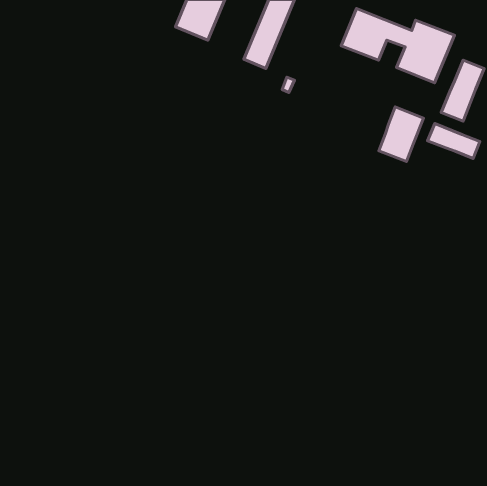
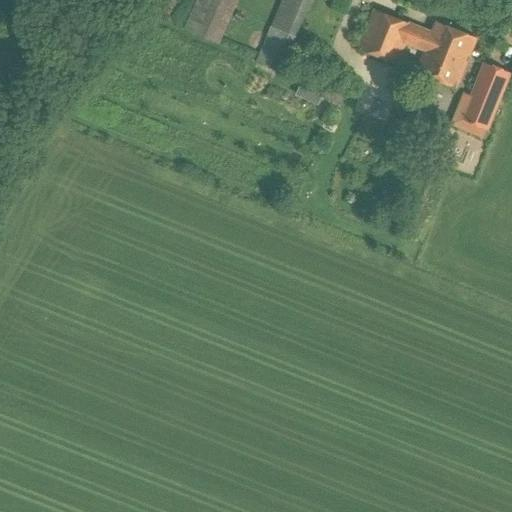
building: [379,107,424,162] -> none
building: [428,123,480,158] -> none

